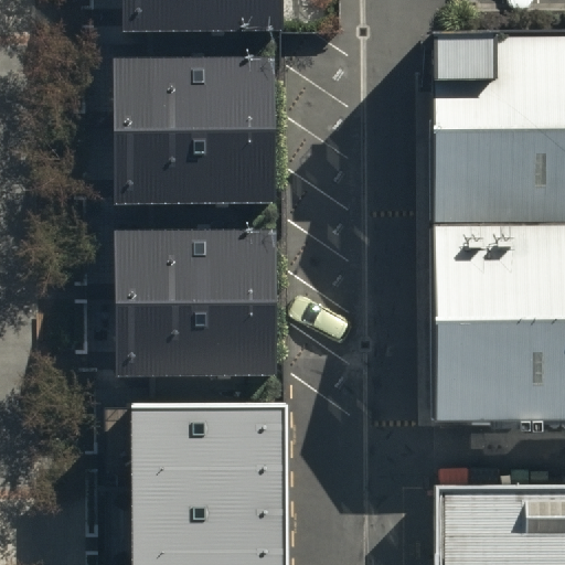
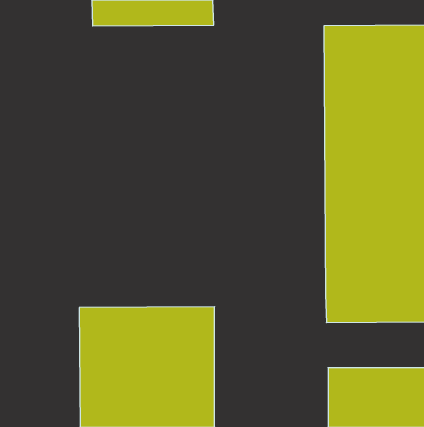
building: [115,57,275,205] -> none
building: [117,232,275,377] -> none

